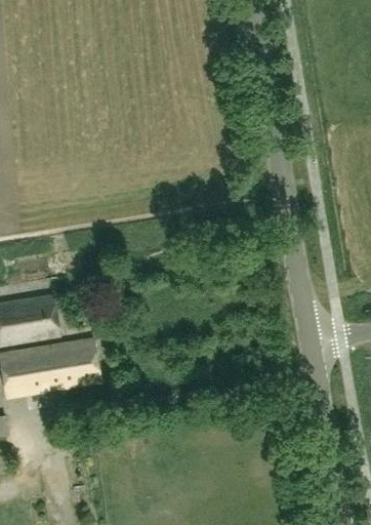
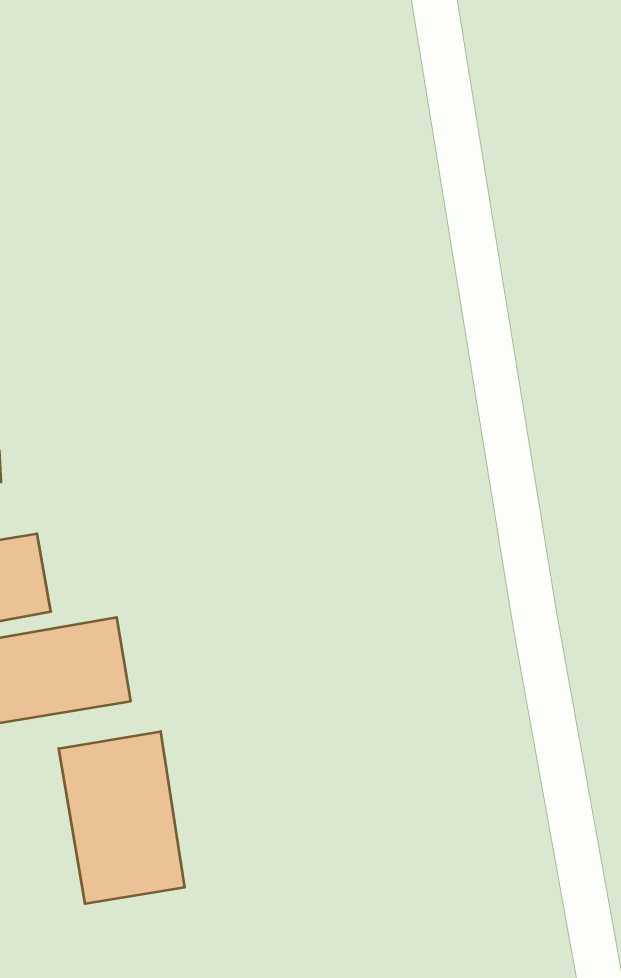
building: none -> [59,731,185,904]

